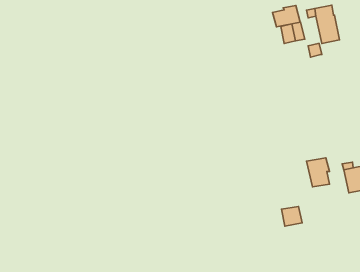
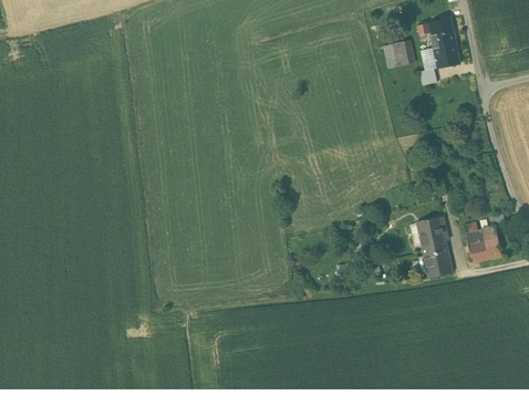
building: [272,6,300,27] -> none
building: [282,207,302,226] -> [424,251,450,277]

